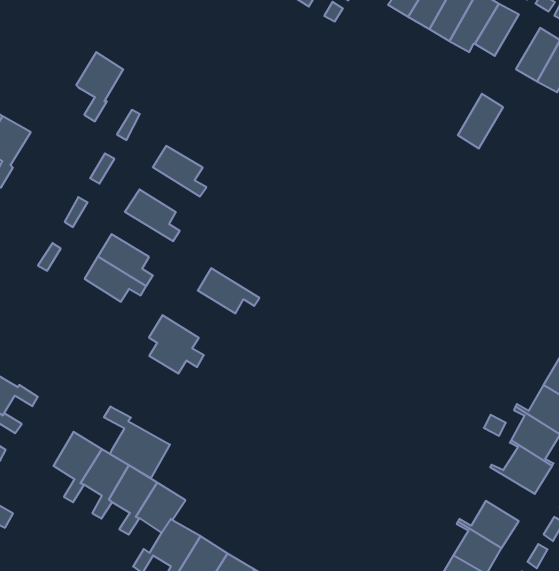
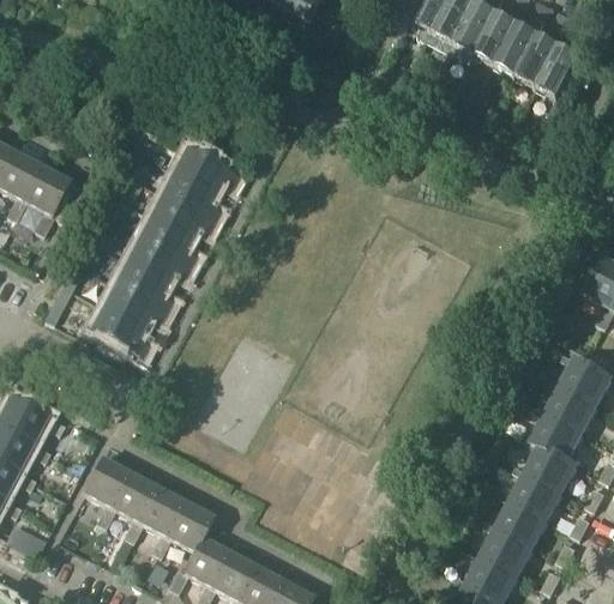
building: [76,52,123,121] -> [24,162,70,230]
building: [458,94,503,148] -> [495,19,538,73]
building: none -> [176,145,236,187]
building: none -> [152,189,212,232]
building: [198,268,259,313] -> [127,235,188,278]
building: [149,315,204,373] -> [91,303,146,360]
building: [104,406,170,478] -> none
building: none -> [511,466,559,518]

